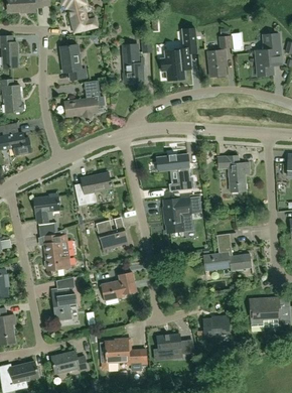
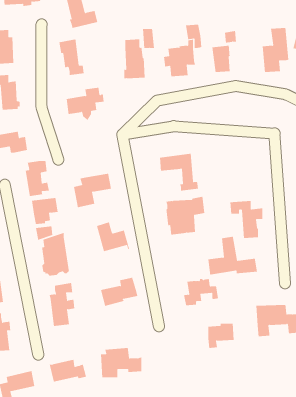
building: [217,155,250,191] -> [229,201,263,238]
building: none -> [25,160,49,197]
building: [154,334,188,360] -> [183,279,219,306]

